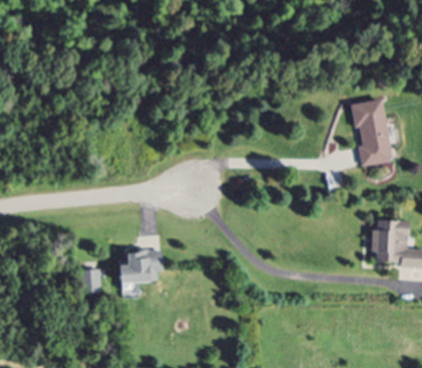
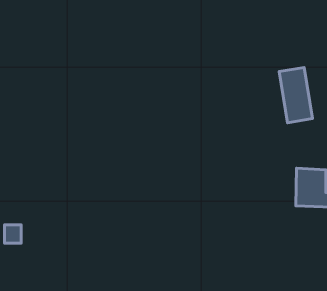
building: [115,251,163,283] -> none
building: [80,270,100,293] -> [5,225,21,243]

